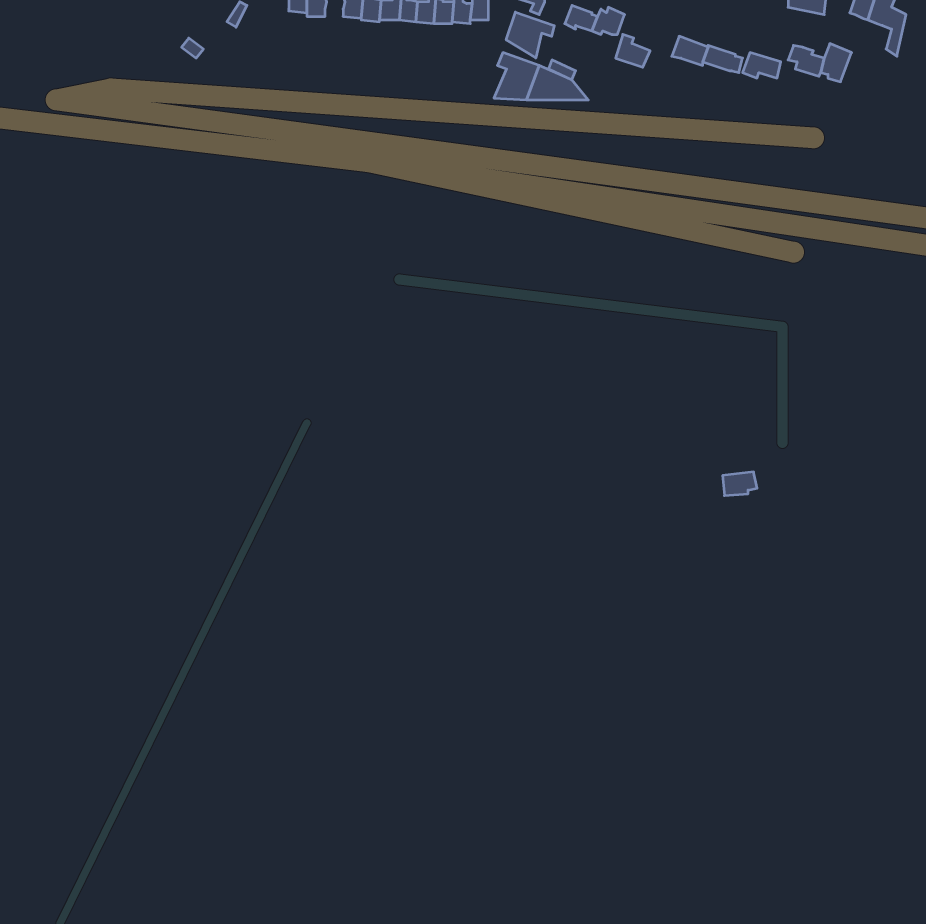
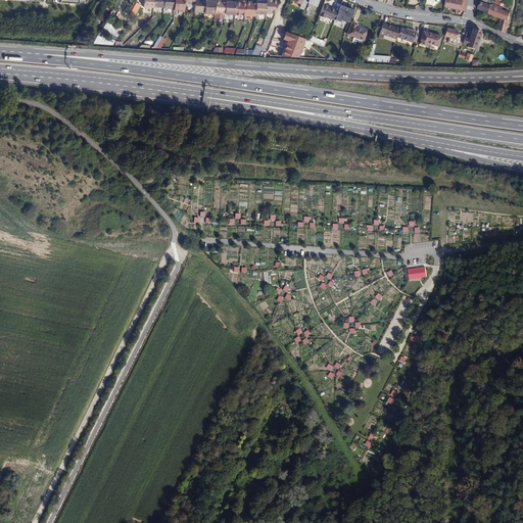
building: [506,12,554,58] -> none

